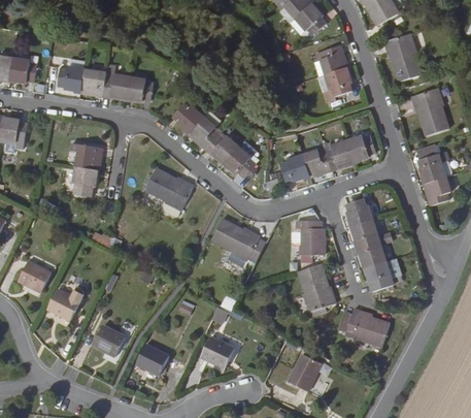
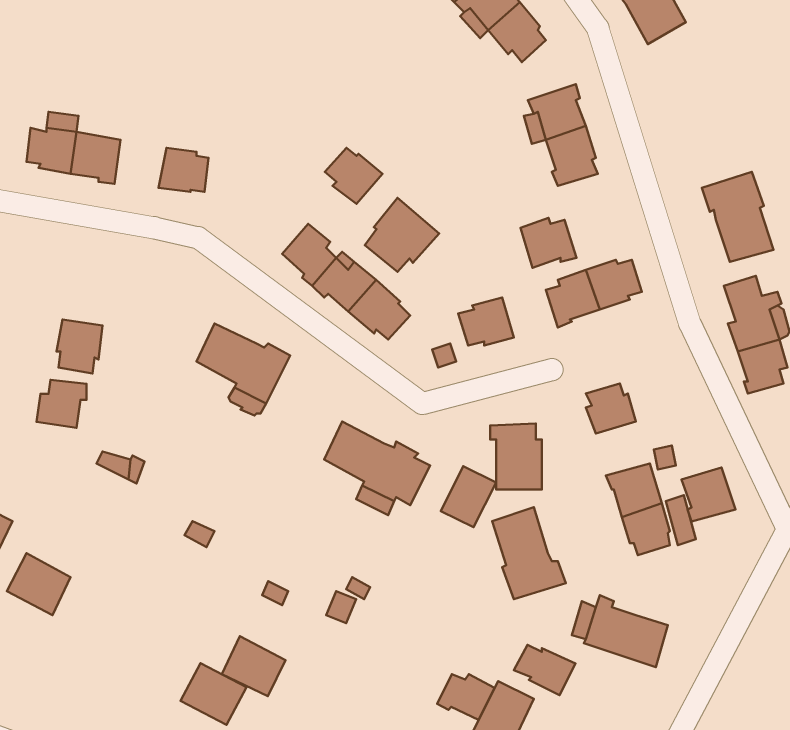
building: [384,33,422,79] -> none
building: [103,69,130,98] -> none
building: none -> [365,198,439,272]
building: [173,103,203,132] -> [325,148,383,204]
building: [76,144,102,169] -> [36,380,86,428]
building: [303,150,332,175] -> [520,218,576,268]
building: [351,219,379,247] -> [682,468,736,521]
building: none -> [441,466,496,527]
building: [92,325,125,356] -> none
building: none -> [514,645,575,695]
building: [201,335,234,366] -> [222,636,286,696]
building: none -> [437,674,494,720]

